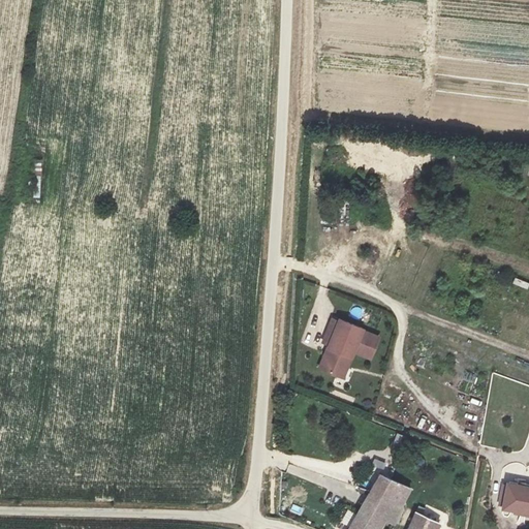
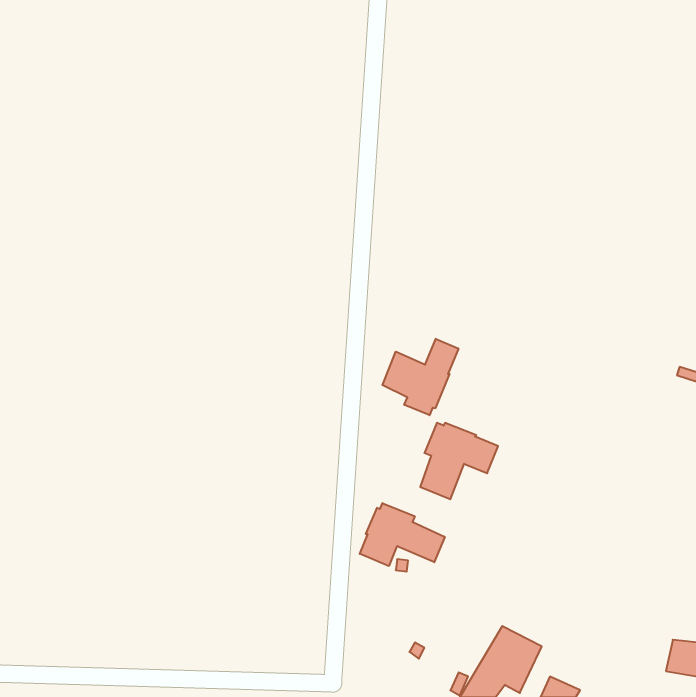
building: none -> [382,339,458,415]
building: none -> [360,503,445,566]

